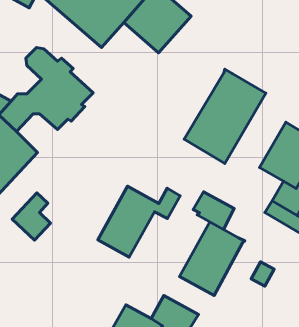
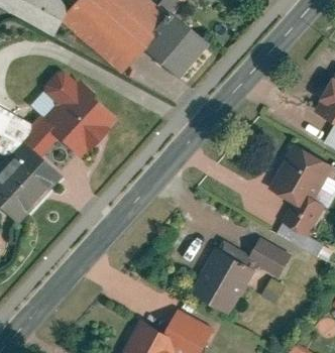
building: [184,69,266,163] -> none
building: [98,186,180,257] -> none
building: [193,192,234,229] -> [250,239,290,275]
building: [12,193,51,240] -> none

